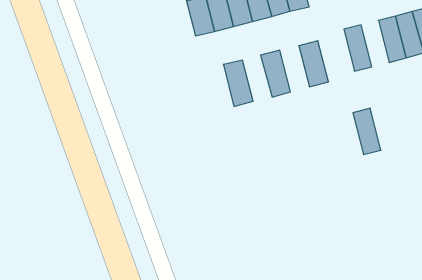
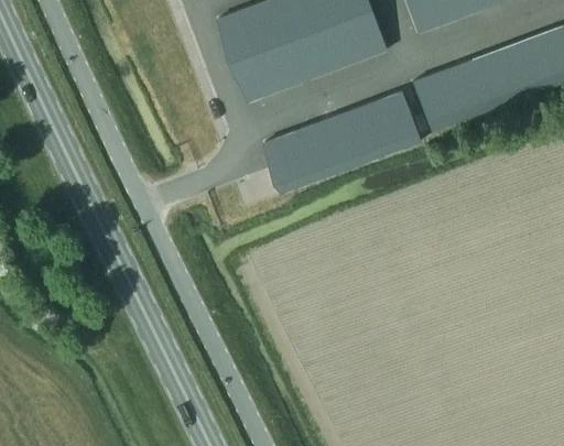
building: none -> [454,57,494,116]
building: none -> [356,99,398,157]
building: none -> [311,116,352,174]
building: none -> [264,132,306,192]
building: [353,108,381,155] -> [412,73,452,131]

